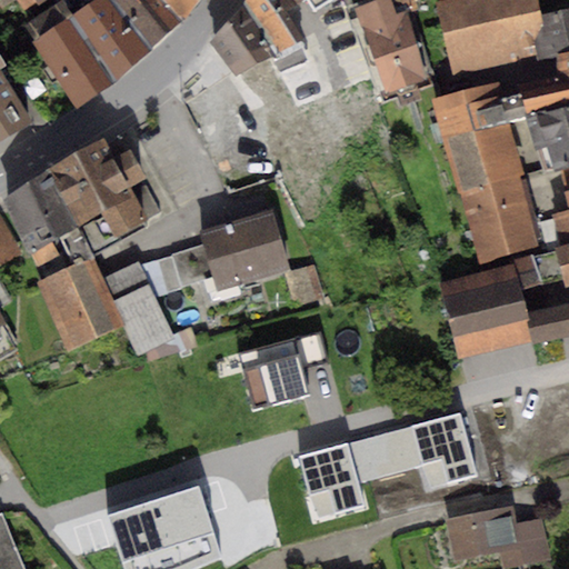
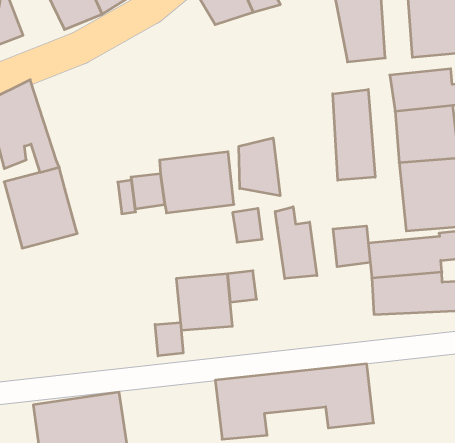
building: none -> [333,89,375,180]
building: [47,137,160,250] -> none
building: none -> [239,138,280,196]
building: none -> [275,207,317,279]
building: [103,262,173,353] -> none
building: none -> [333,226,370,267]
building: none -> [155,323,183,356]

